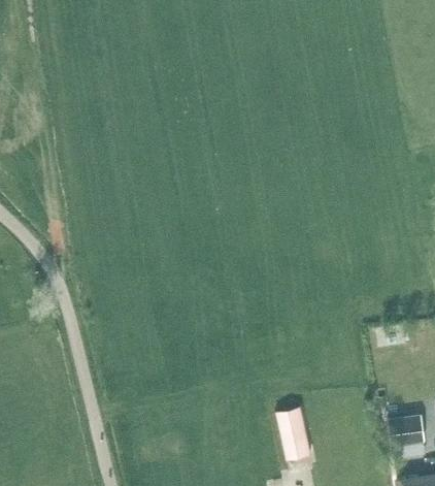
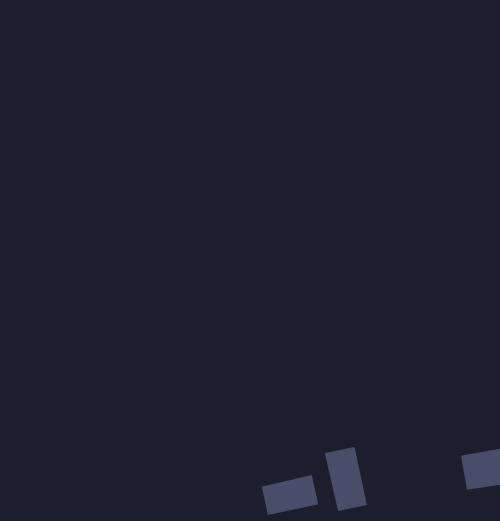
building: none -> [261,474,319,516]

